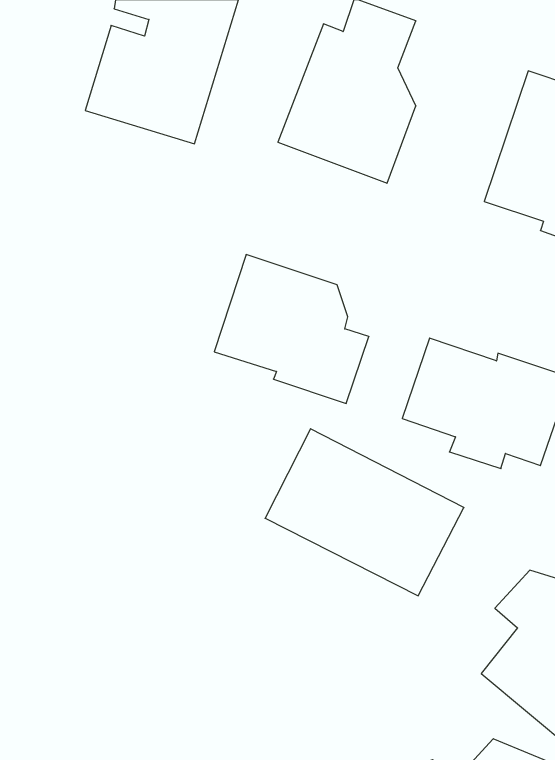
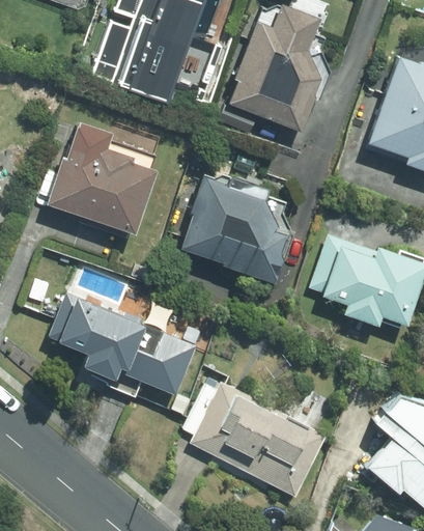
building: none -> [47,123,156,233]
building: none -> [52,296,197,395]
building: [265,429,464,596] -> [192,385,328,499]

